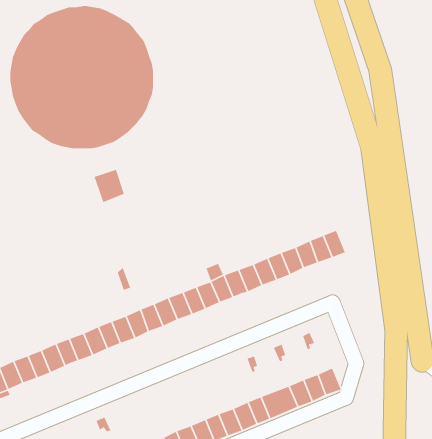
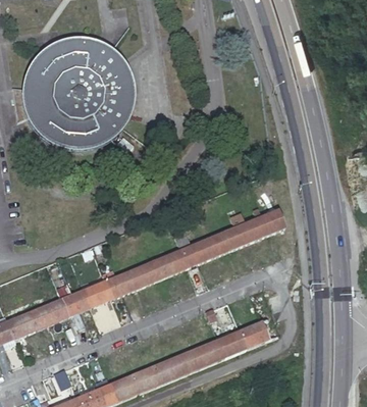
building: [93,169,125,203] -> none

